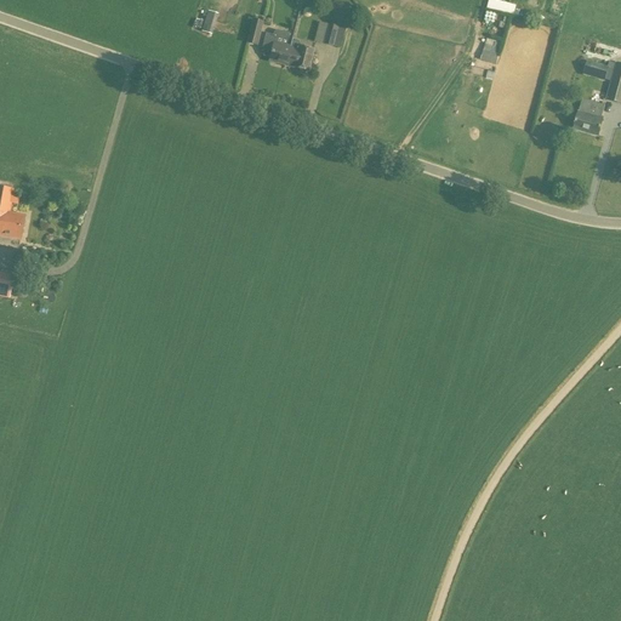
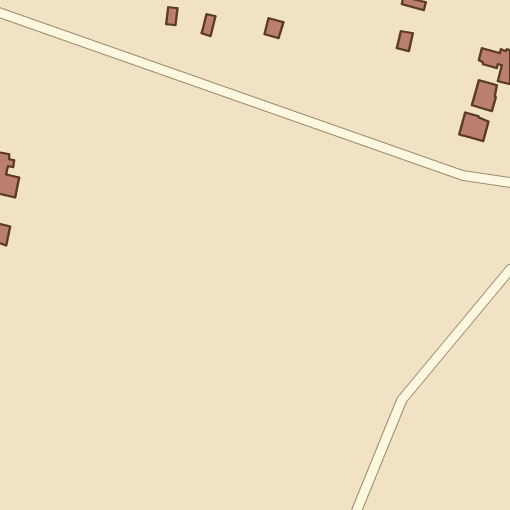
building: [258,28,310,69] -> none
building: none -> [459,112,489,141]

